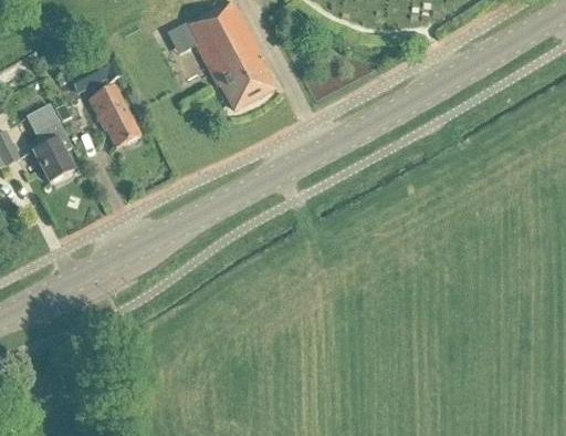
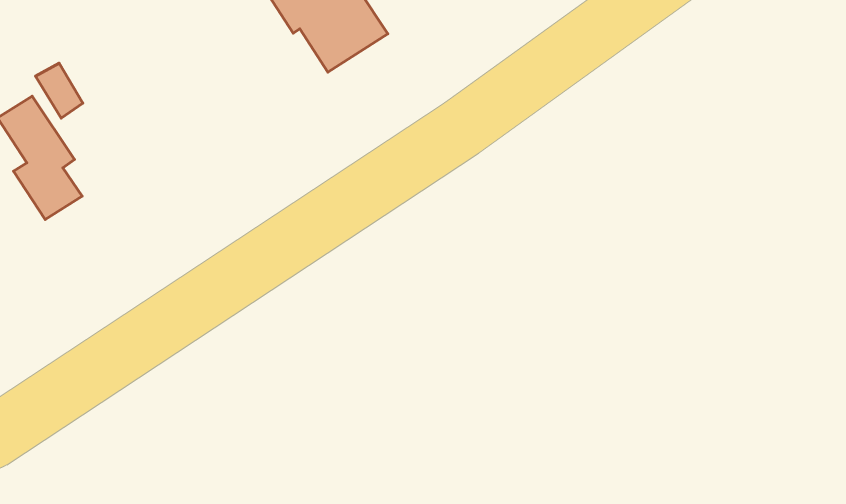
building: [90,85,139,144] -> none

